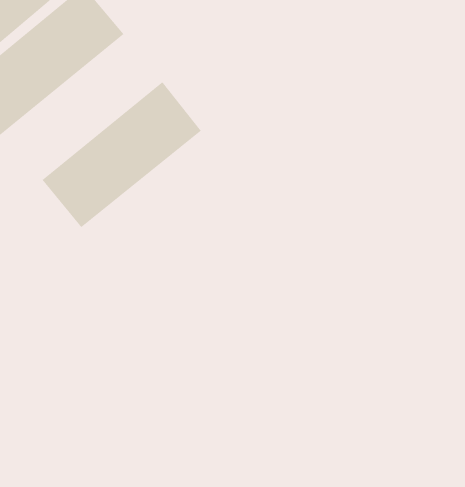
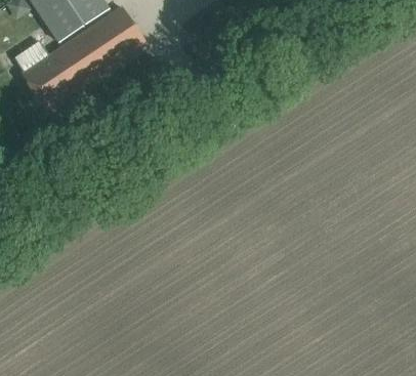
building: [41,81,202,228] -> none

